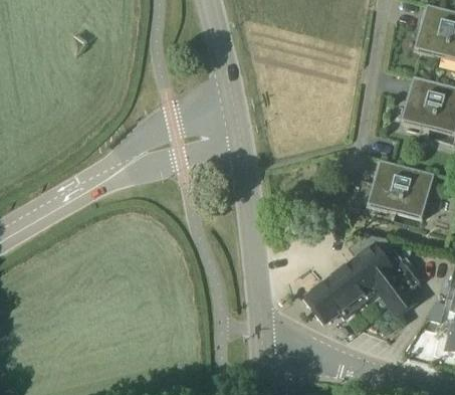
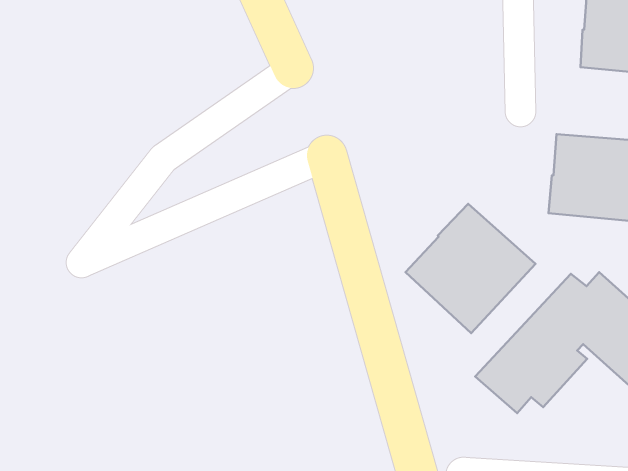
building: none -> [406,204,536,333]

